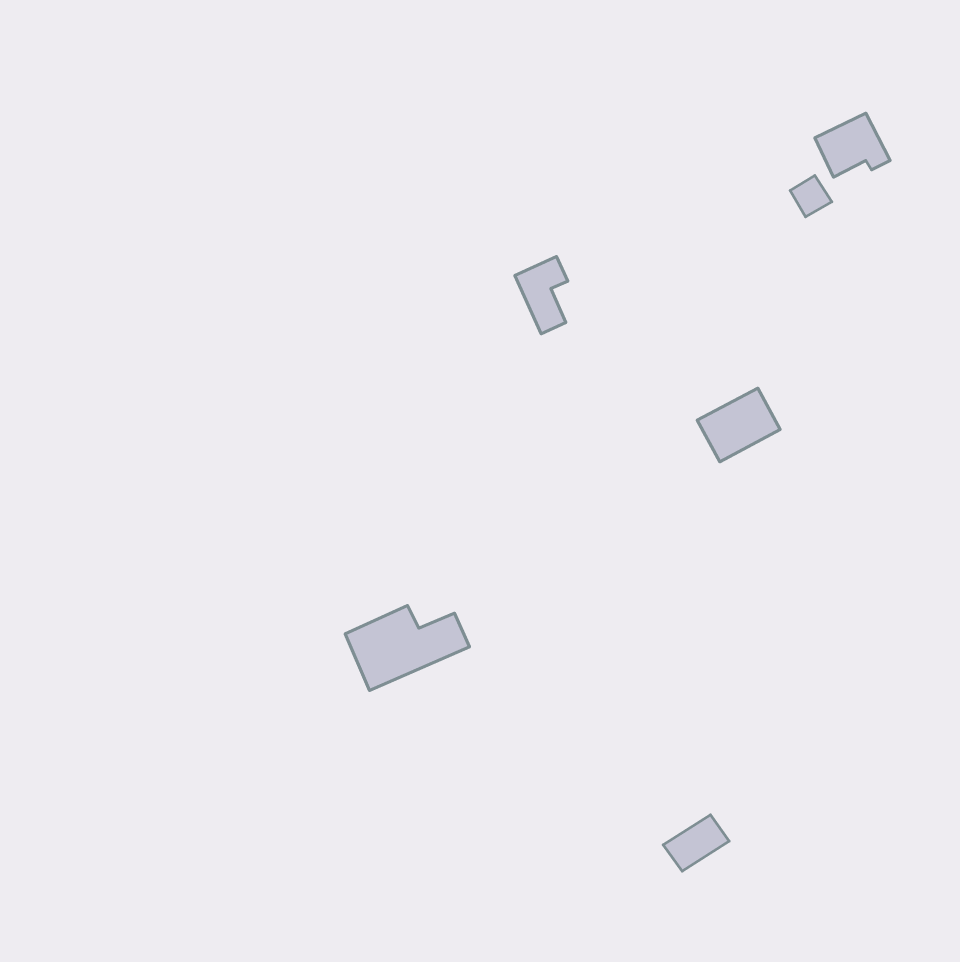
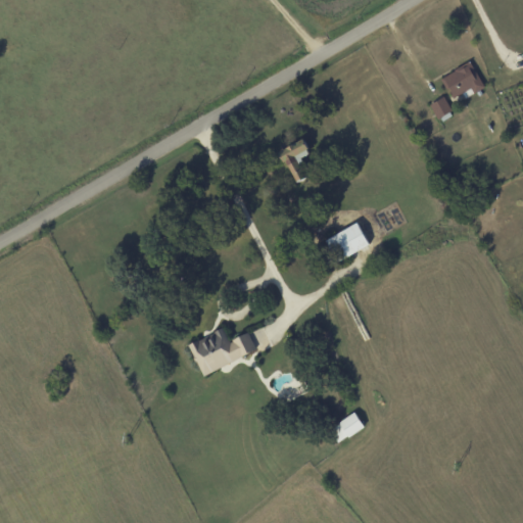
building: [697,388,780,462] -> [325,222,370,262]
building: [663,815,729,871] -> [329,412,365,442]

